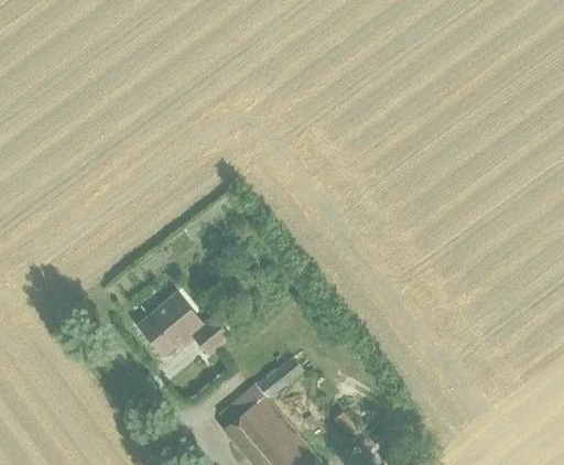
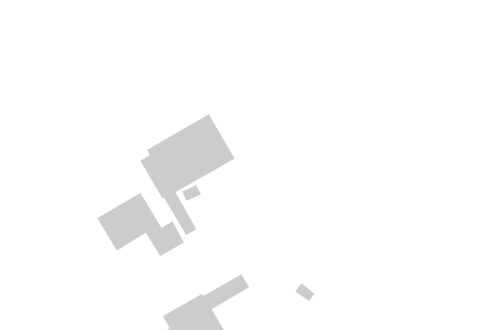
building: none -> [139,113,236,236]

